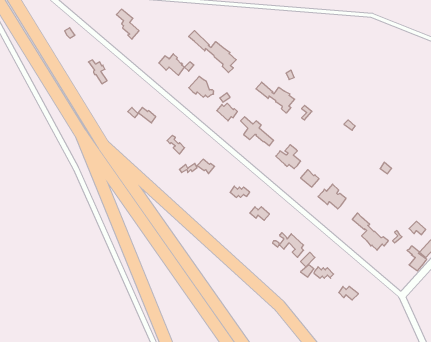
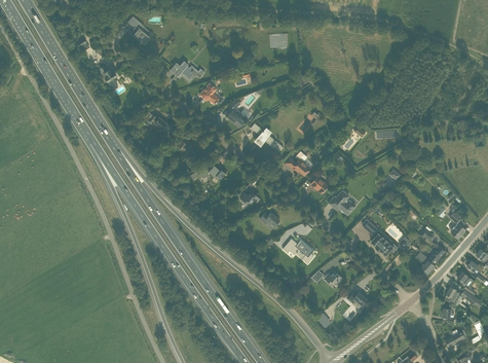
building: [189,31,236,73] -> none
building: [256,82,295,113] -> none

